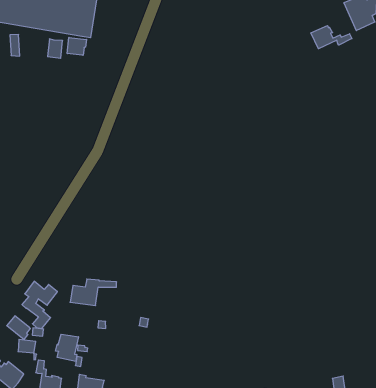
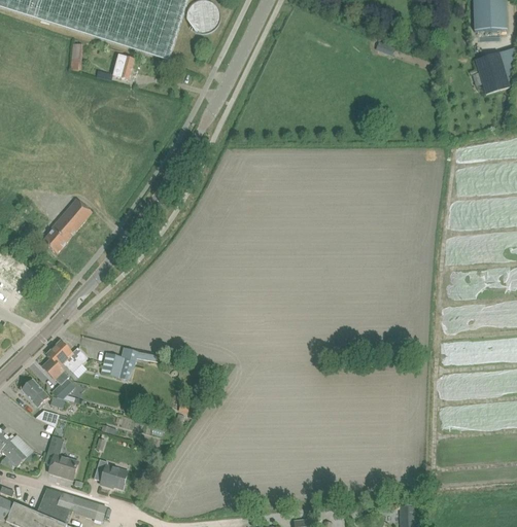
building: [311,26,352,49] -> none
building: [67,37,87,55] -> none
building: none -> [42,199,92,253]
building: [56,334,78,361] -> none

